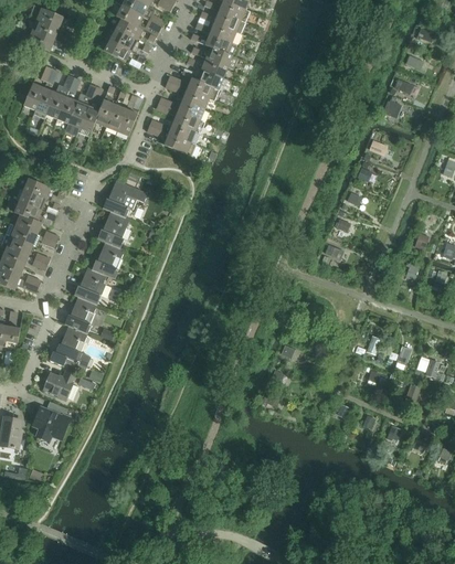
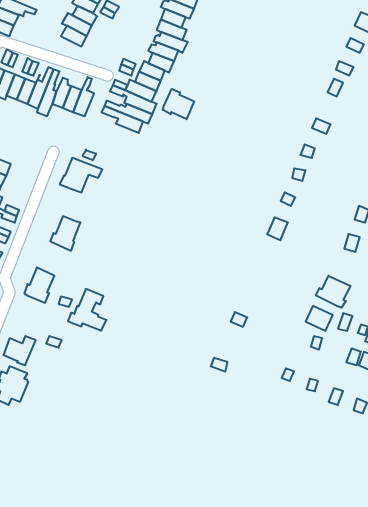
building: none -> [163,89,194,119]
building: [96,211,129,247] -> none
building: [73,267,106,305] -> none
building: none -> [316,276,351,308]
building: [49,326,89,370] -> [68,289,107,331]

